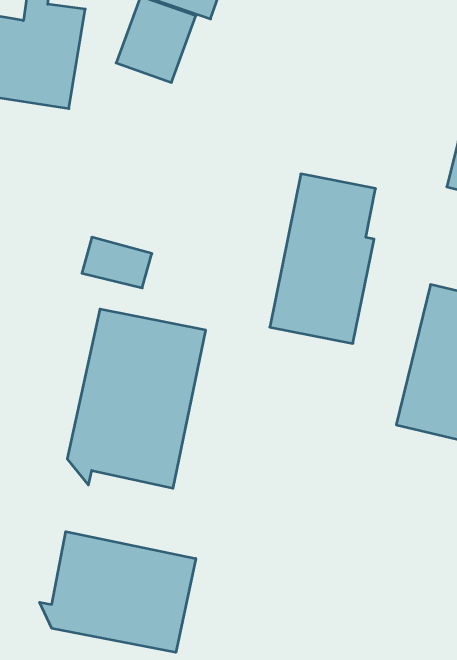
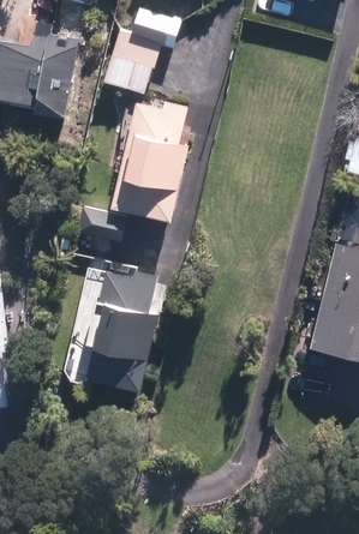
building: [270,174,376,343] -> [109,96,187,221]
building: [40,532,196,652] -> none

